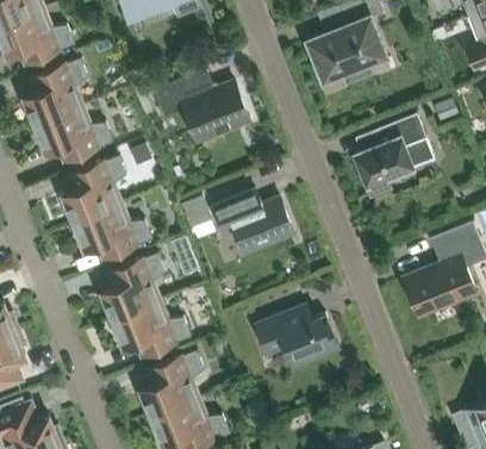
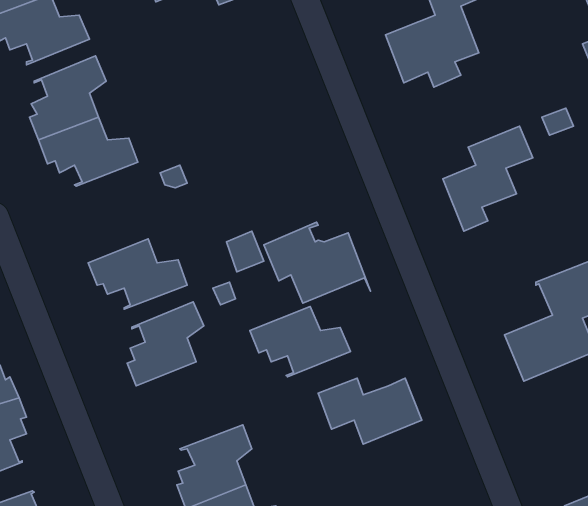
building: [154,69,249,141] -> none
building: [66,156,125,223] -> none
building: [111,301,191,357] -> [250,306,351,377]

